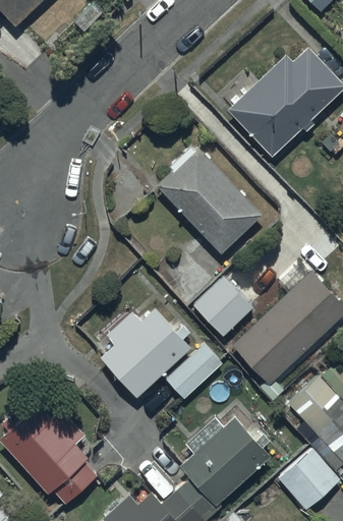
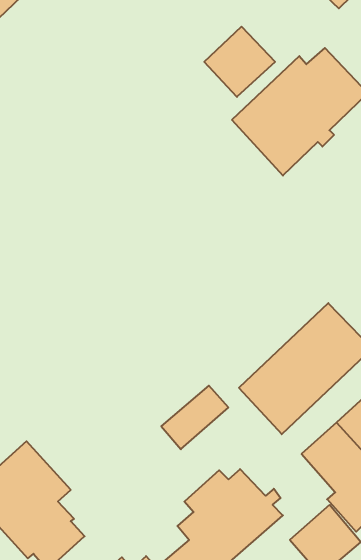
building: none -> [204,27,275,97]
building: [157,146,263,254] -> none
building: [193,275,253,336] -> none
building: [100,309,192,399] -> none

